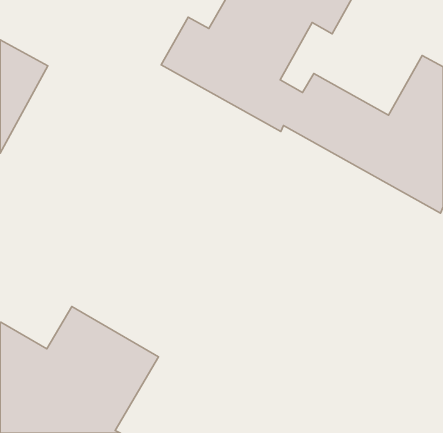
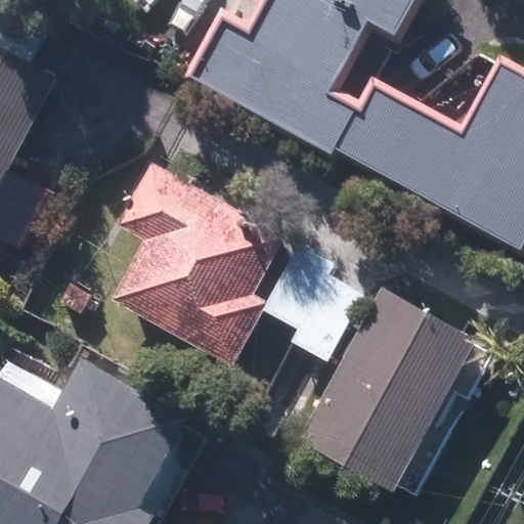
building: none -> [115,162,285,362]
building: none -> [301,289,475,488]

